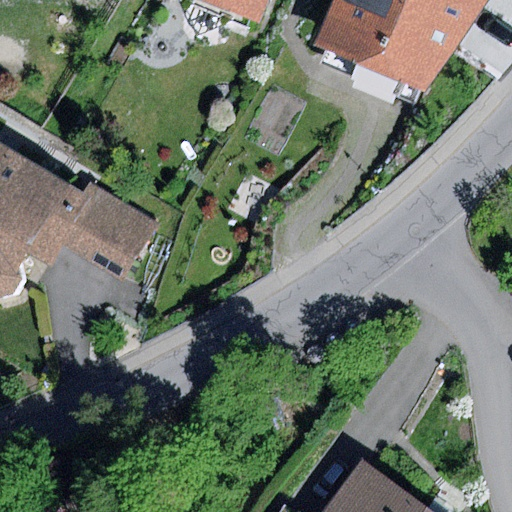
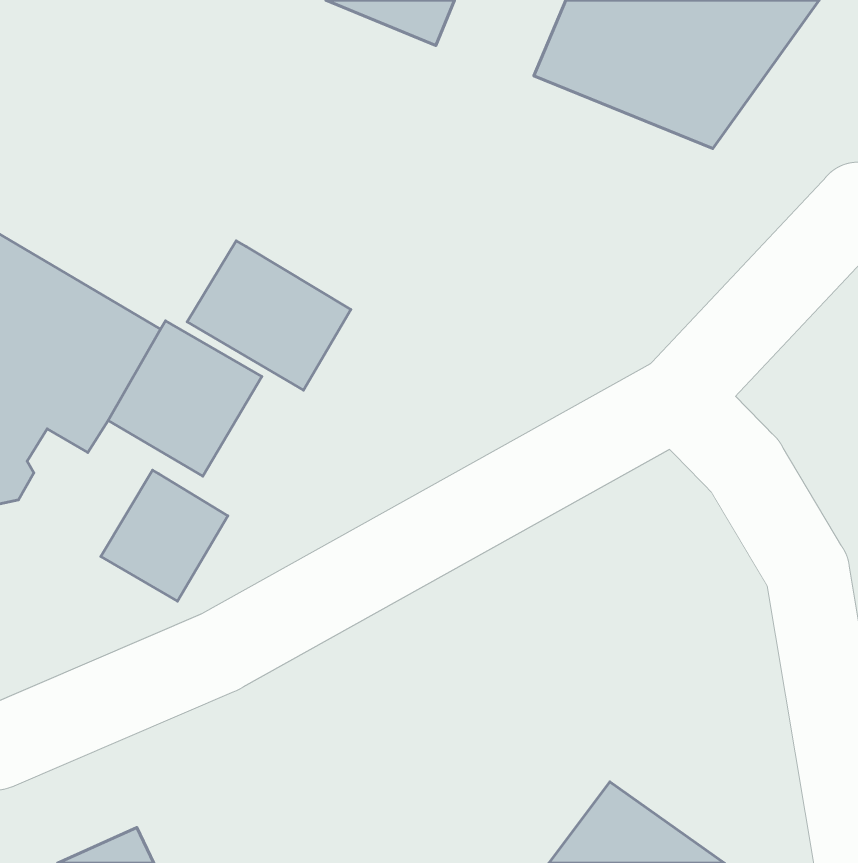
building: none -> [187,241,351,390]
building: none -> [101,470,228,601]

